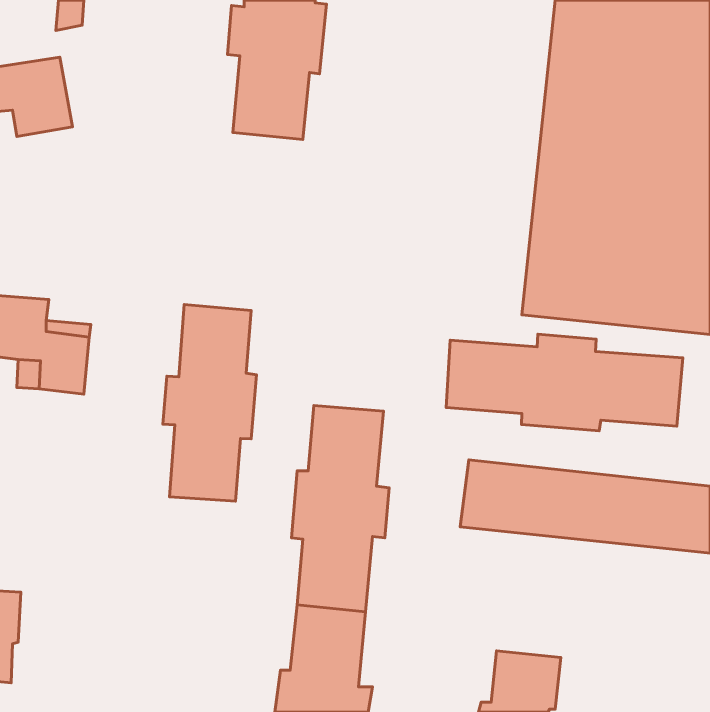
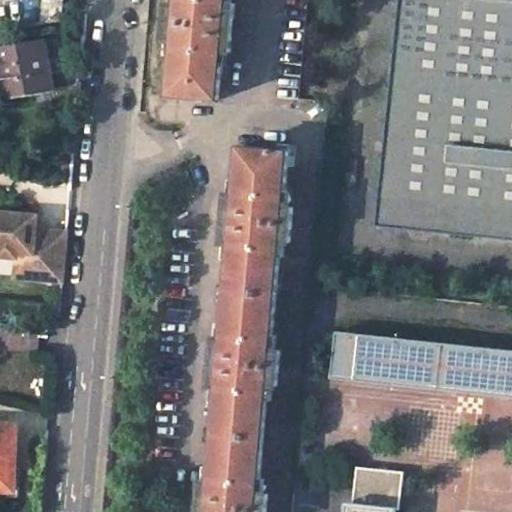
building: none -> [222,146,292,295]
building: [163,305,257,501] -> none
building: [446,334,683,431] -> none

